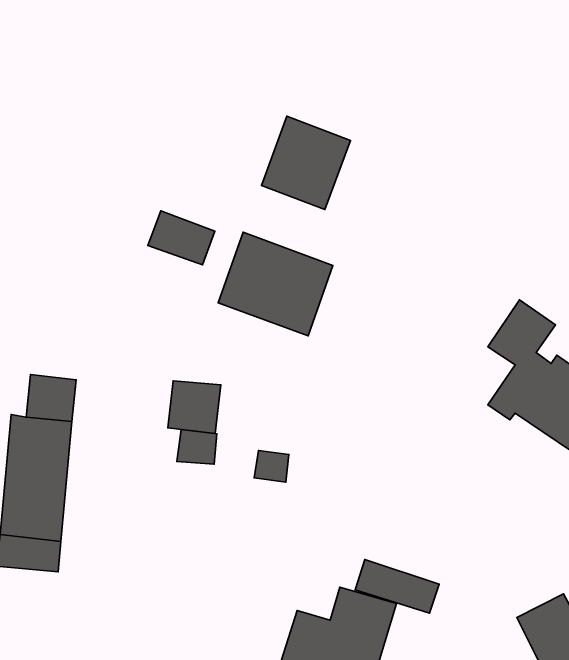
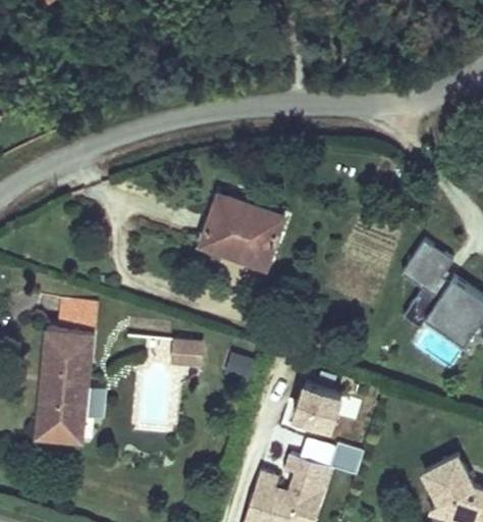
building: [261,116,350,210] -> none
building: [148,211,215,265] -> none
building: [168,381,221,434] -> none
building: none -> [291,384,344,436]

